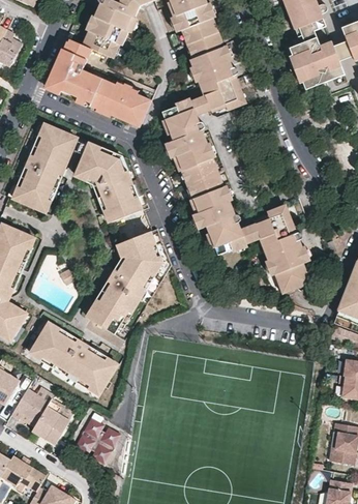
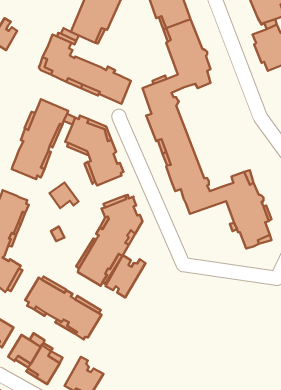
building: none -> [50,182,78,208]
building: none -> [105,255,145,298]

